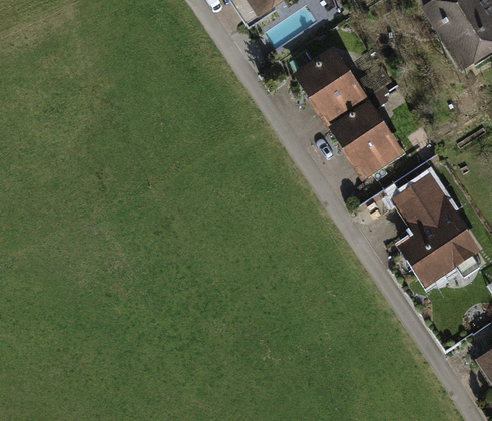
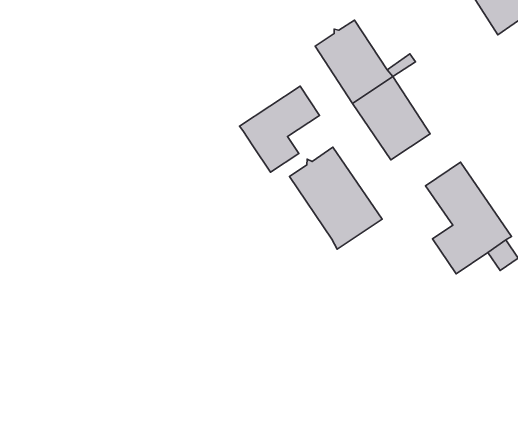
building: none -> [240,86,320,172]
building: none -> [290,147,382,249]

